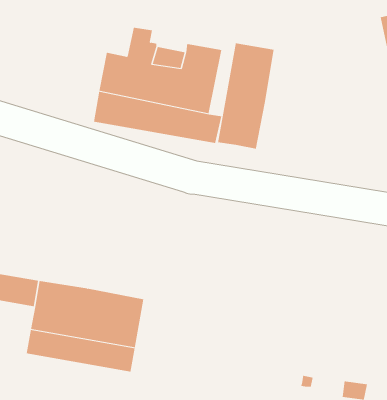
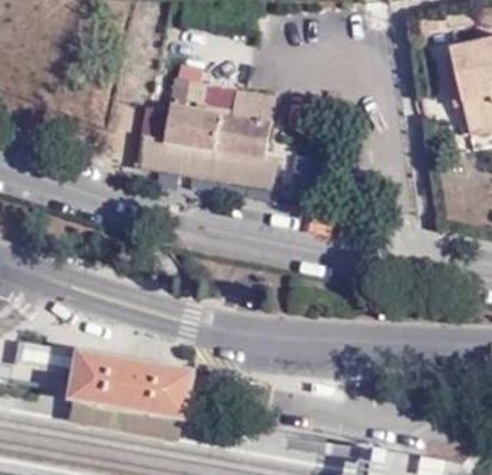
building: [218,42,274,150] -> none

